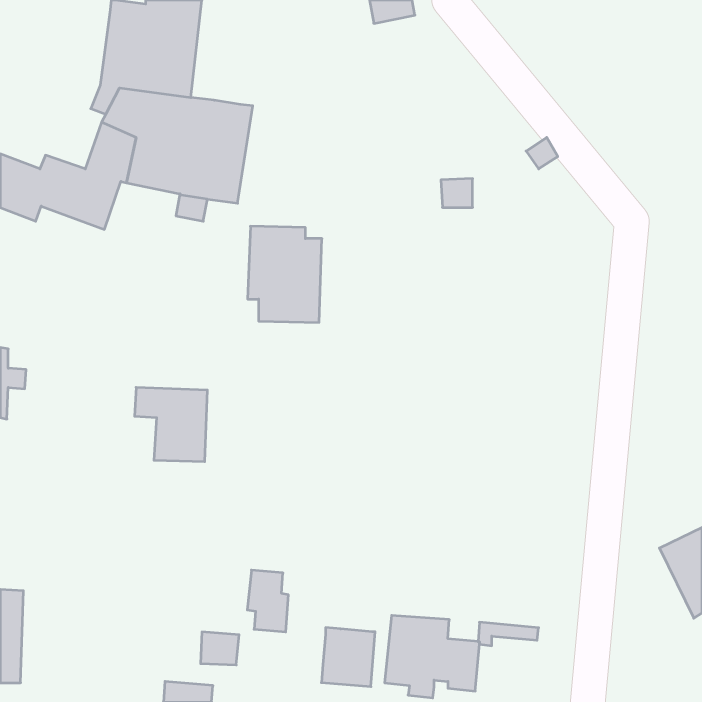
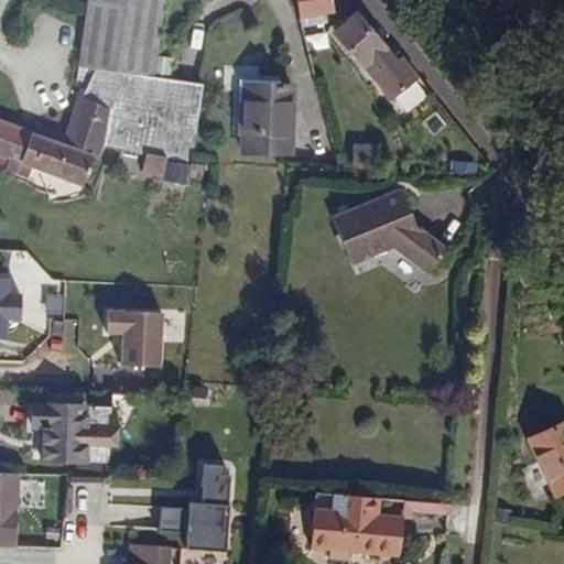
building: none -> [334,14,416,101]
building: [248,226,322,322] -> [232,76,292,153]
building: none -> [332,186,446,270]
building: none -> [32,393,117,464]
building: [321,628,375,687] -> [188,503,231,551]

